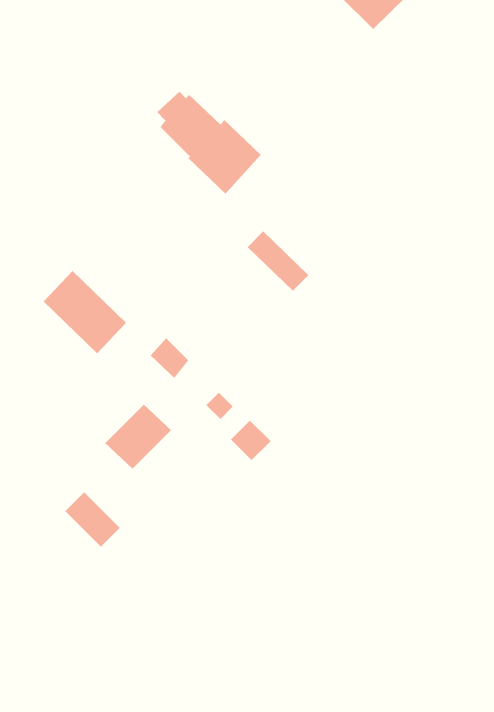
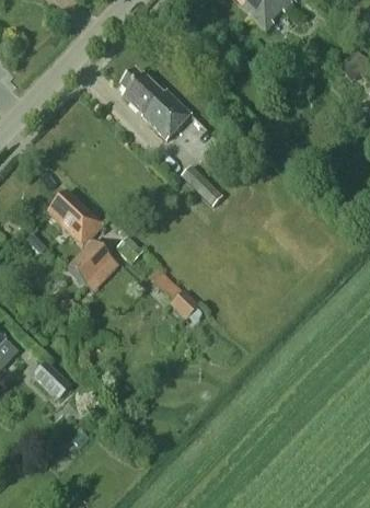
building: [104,404,172,470] -> [66,239,111,282]
building: [65,492,120,547] -> [34,360,71,397]

